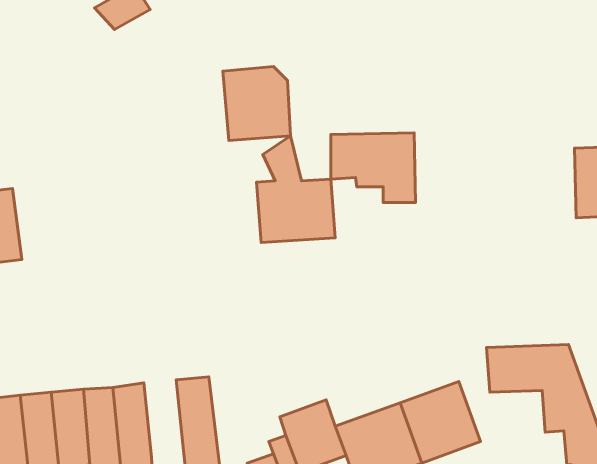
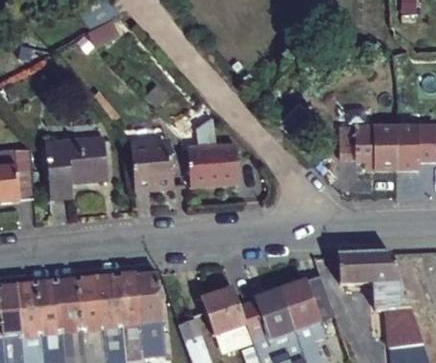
building: [223,67,291,141] -> [130,141,174,189]
building: [331,133,416,202] -> [339,125,394,170]
building: none -> [43,134,105,196]
building: none -> [114,275,140,325]

